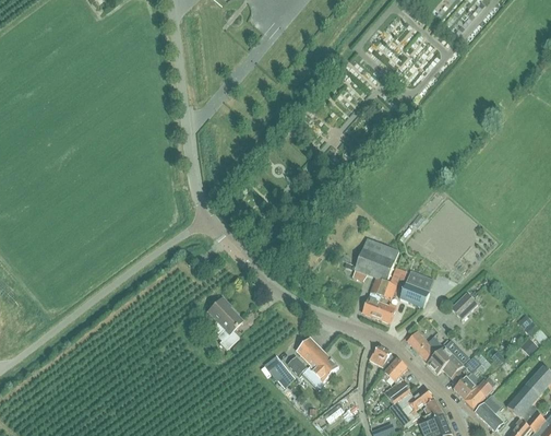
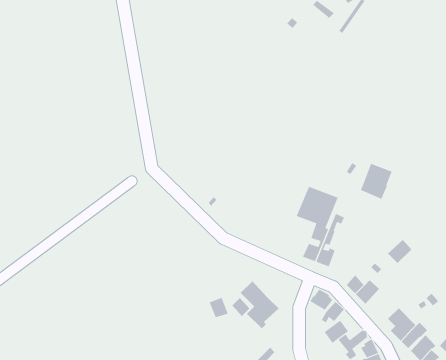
building: [400,270,434,308] -> [360,163,392,199]
building: [207,297,242,350] -> none
building: [428,346,464,378] -> none

